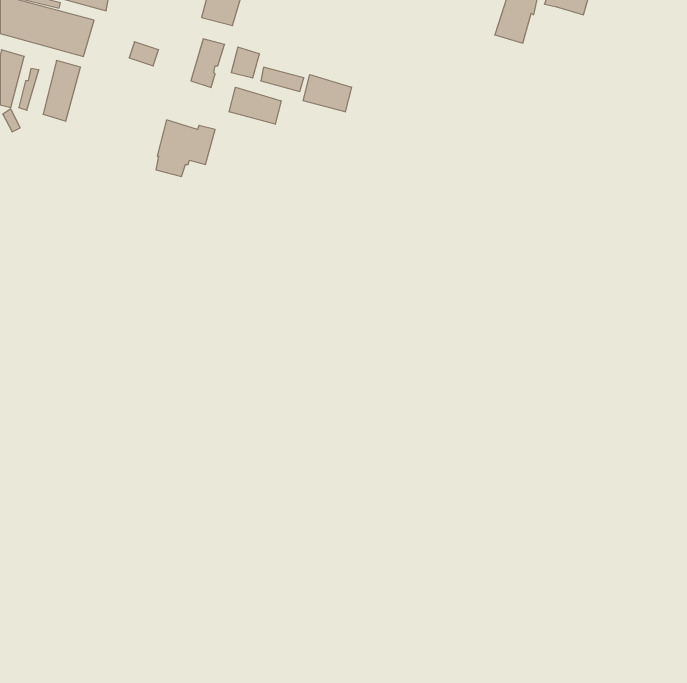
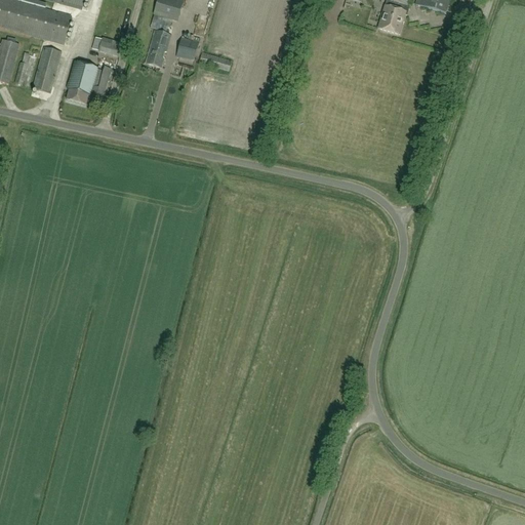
building: [303,75,352,112] -> none
building: [229,87,281,124] -> none
building: [156,120,215,176] -> [66,60,111,104]

